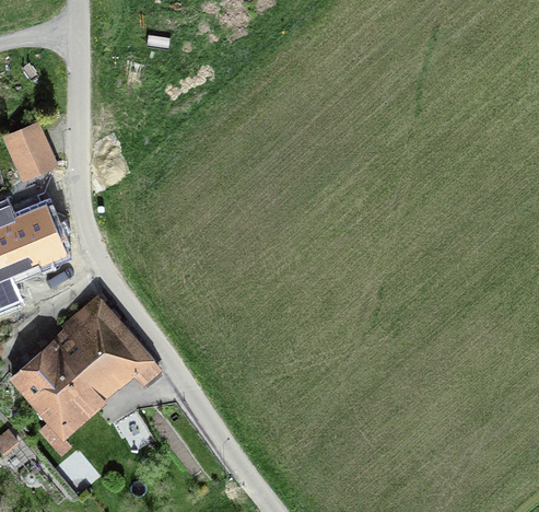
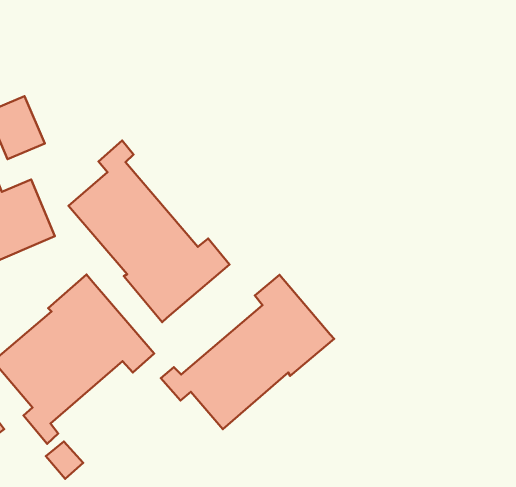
building: none -> [68,141,229,322]
building: none -> [161,275,334,429]

